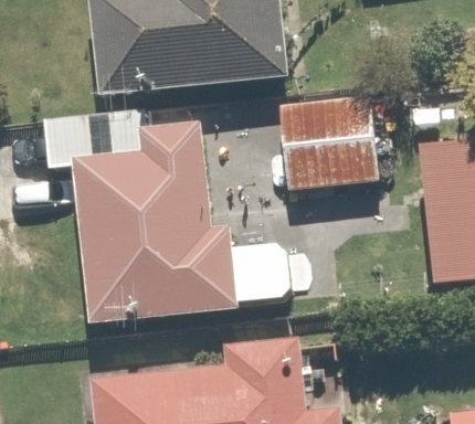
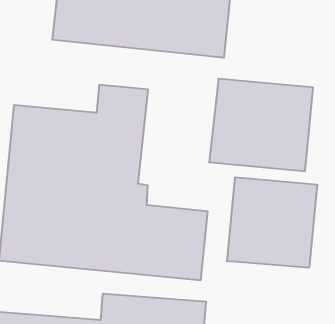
building: none -> [227,177,317,268]

